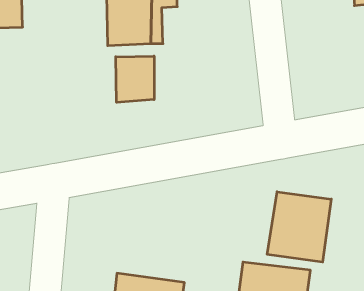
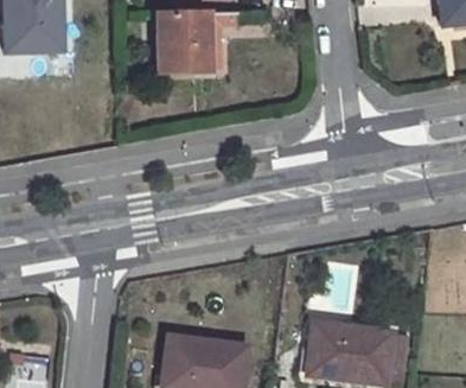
building: [116,56,154,102] -> none
building: [267,192,331,262] -> none

